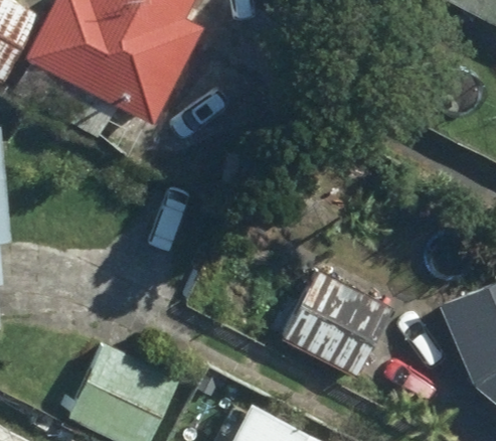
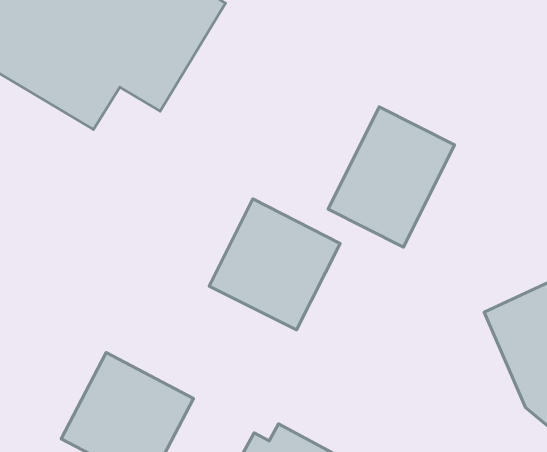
building: none -> [328,107,455,247]
building: [280,264,394,379] -> [209,199,340,330]

